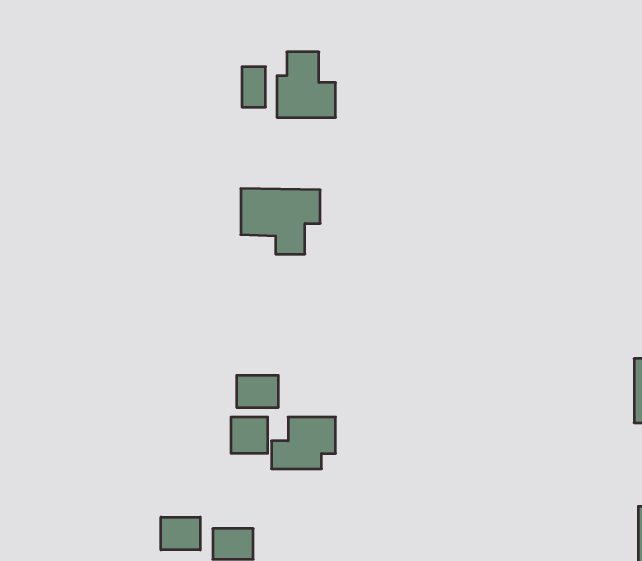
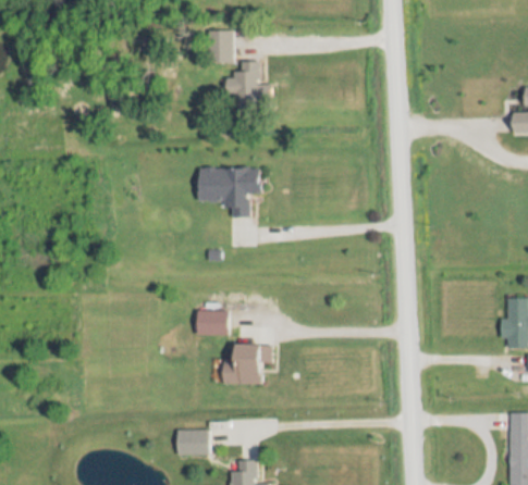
building: [242,67,266,107] -> [212,30,231,62]
building: [231,417,268,453] -> none
building: [161,517,200,550] -> none

